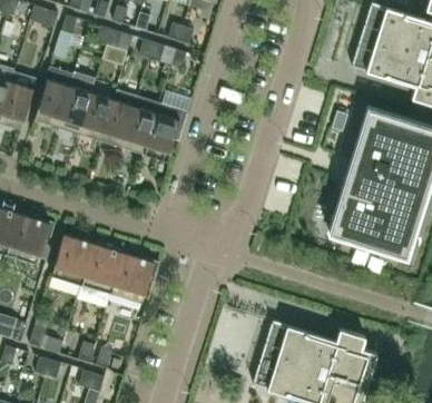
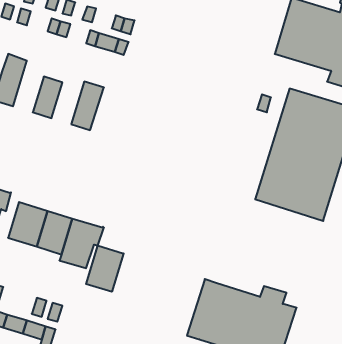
building: [57,70,96,131] -> none
building: [100,88,137,145] -> none
building: [144,104,188,159] -> none
building: none -> [86,246,124,292]

